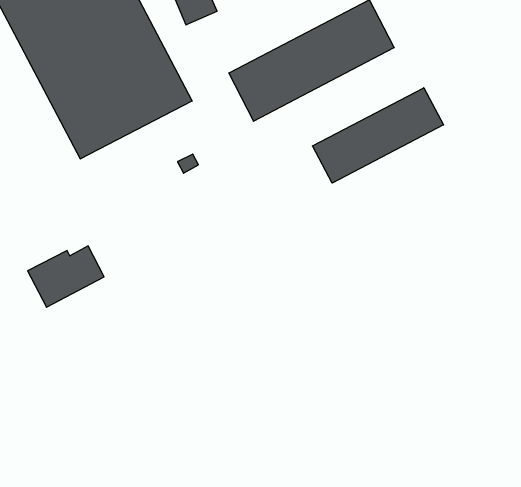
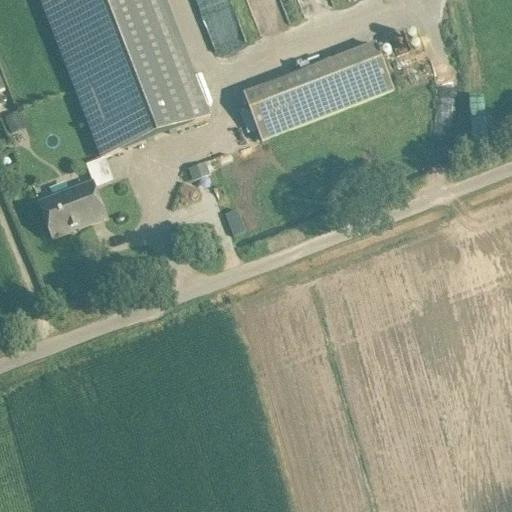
building: [312,88,444,183] -> none
building: [28,246,104,307] -> [39,185,106,235]

